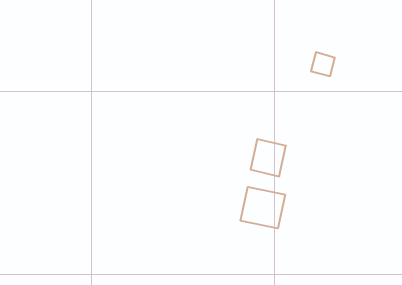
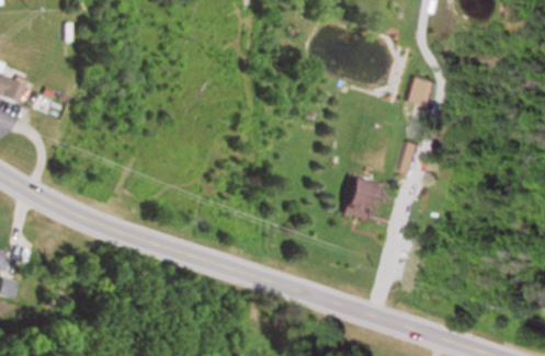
building: [240,187,285,228] -> none

